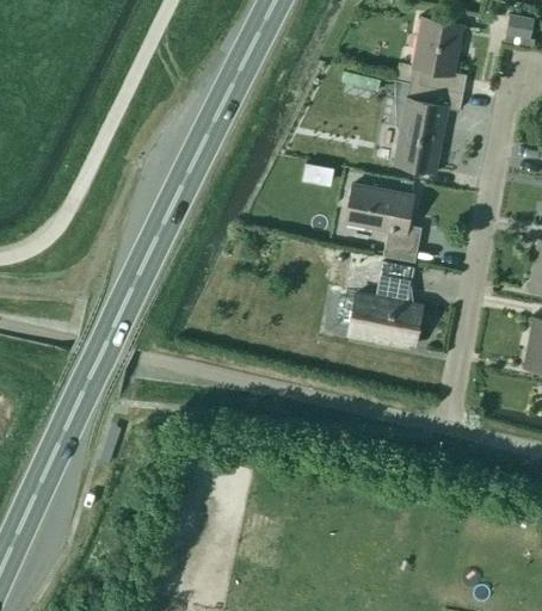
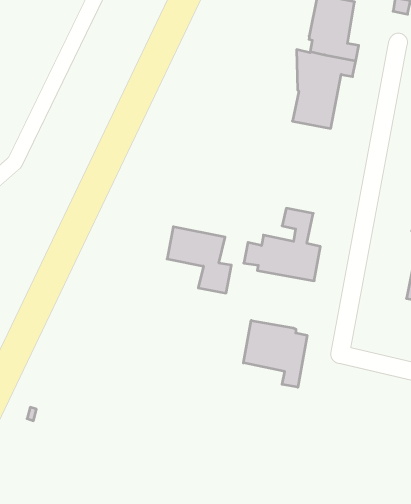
building: [347,184,421,260] -> [167,227,231,293]
building: none -> [243,320,307,387]

